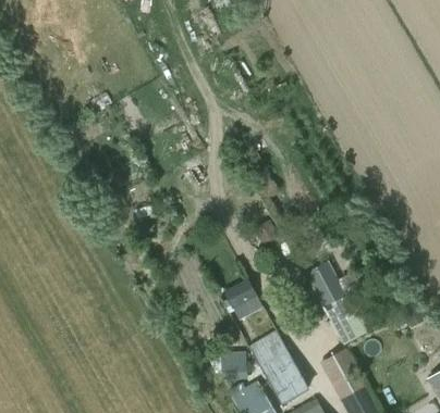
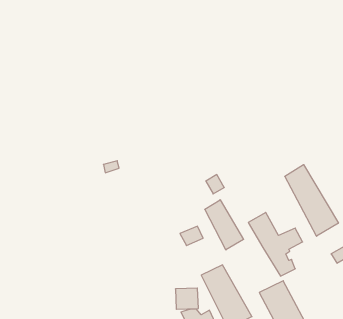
building: none -> [285,165,338,236]
building: none -> [205,200,244,250]

